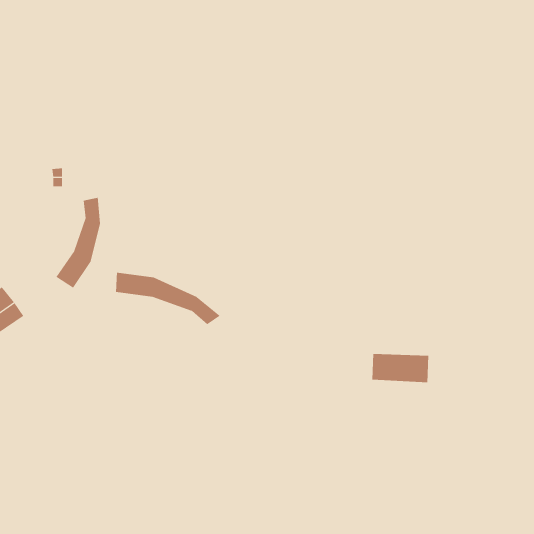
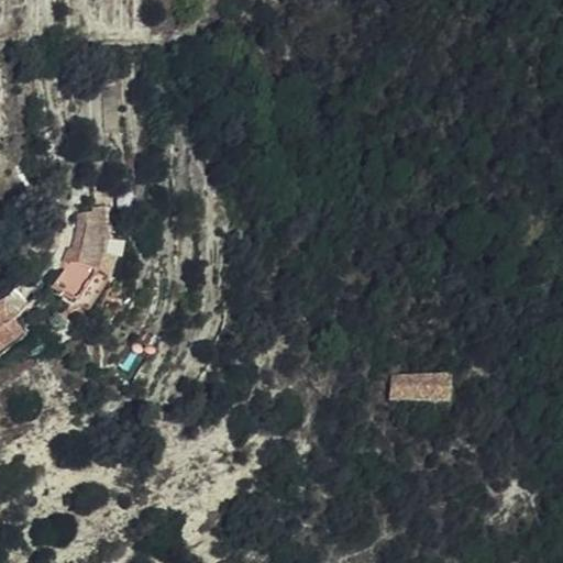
building: [115,272,221,325] -> none

